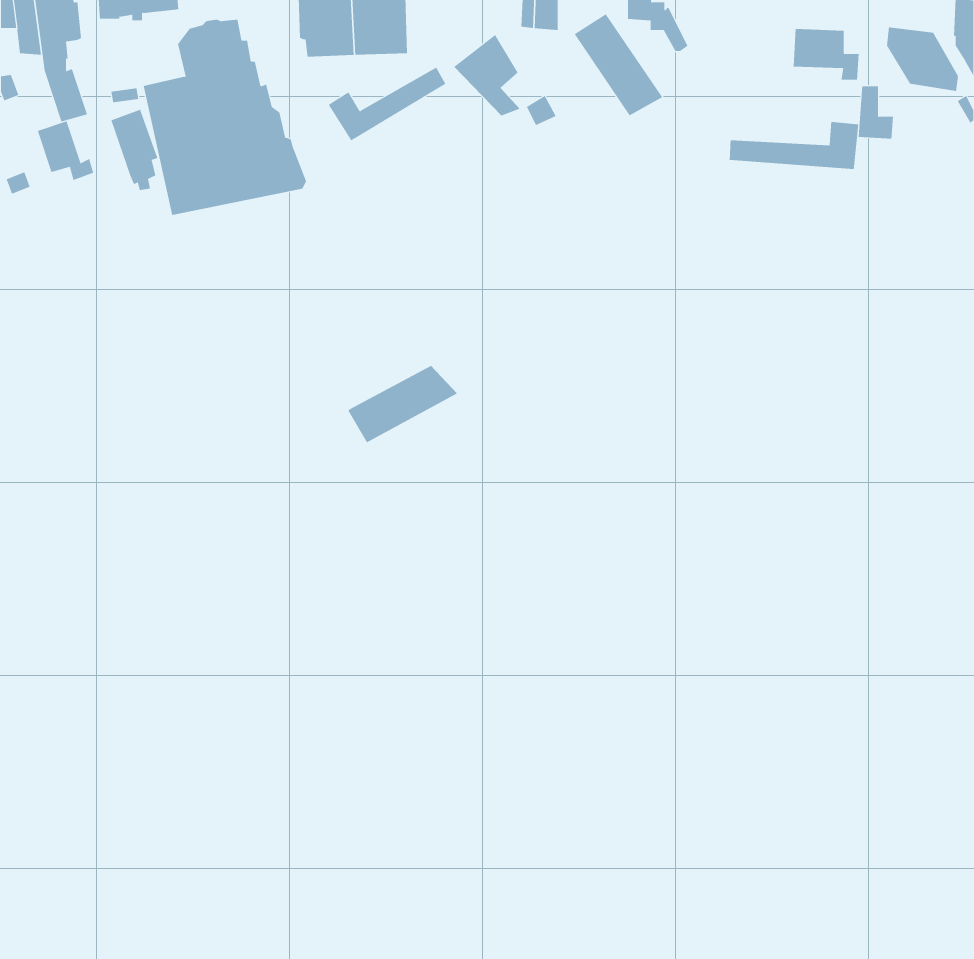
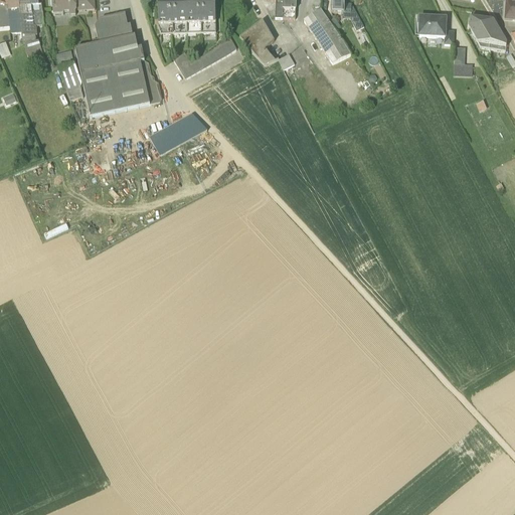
building: [37,120,94,181] -> none
building: [729,121,859,170] -> none
building: [347,365,458,443] -> [149,113,207,154]

